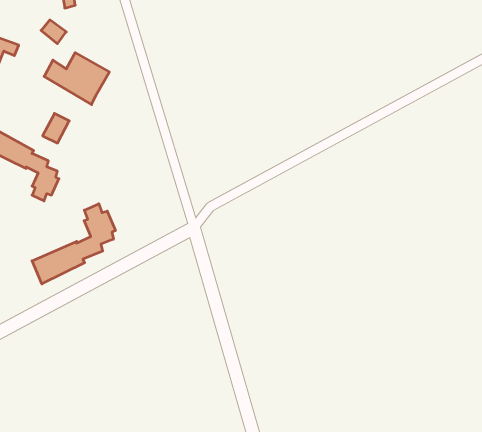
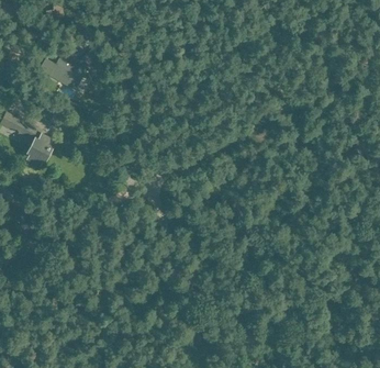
building: [32,204,115,284] -> none

